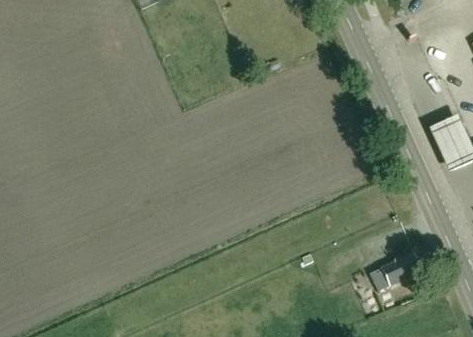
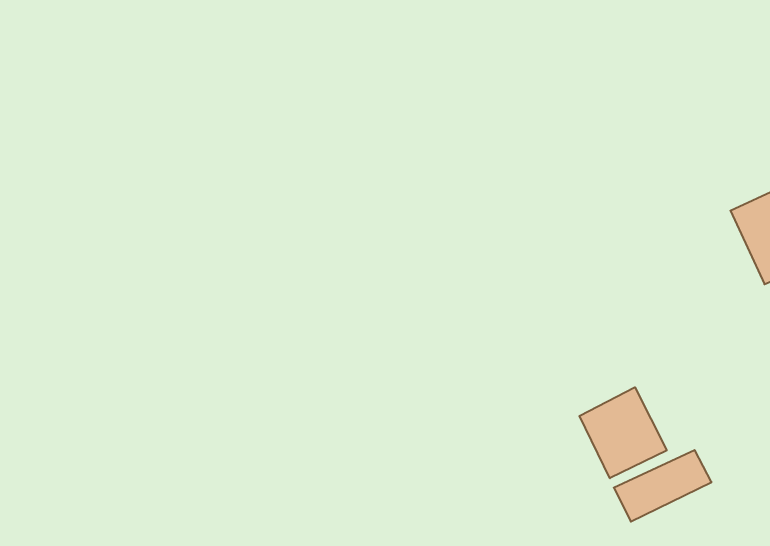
building: none -> [579,387,667,478]

